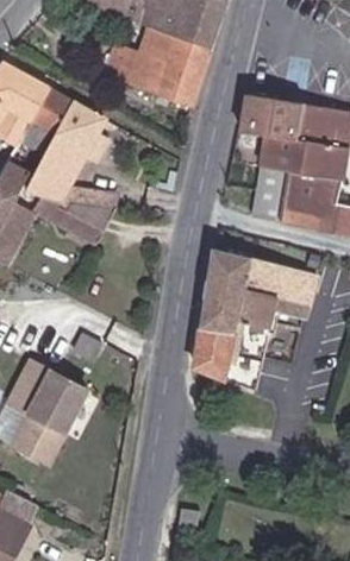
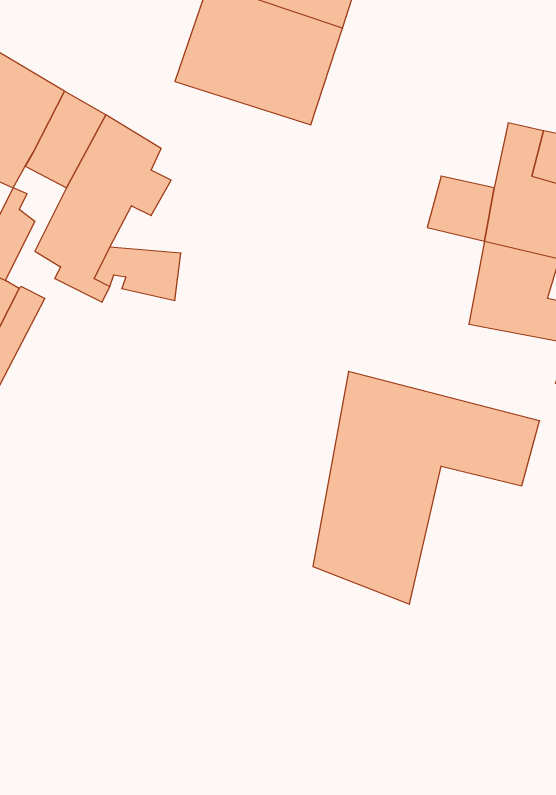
building: [242,90,308,141] -> none
building: [249,165,294,223] -> none
building: [31,196,107,239] -> none
building: [7,361,82,462] -> none

